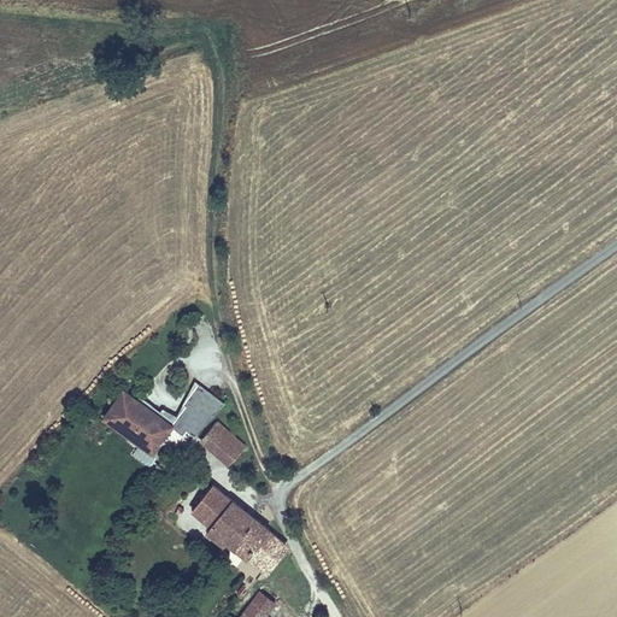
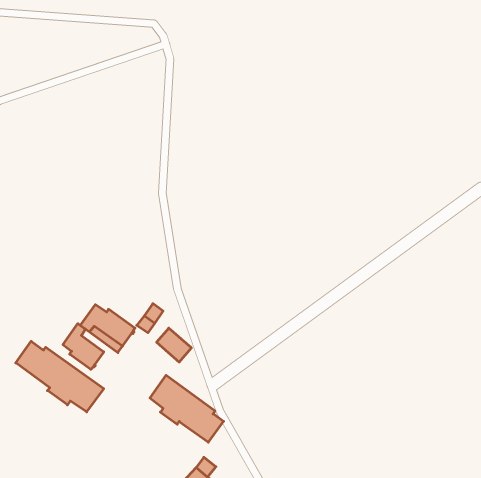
building: none -> [63,324,104,369]
building: none -> [16,341,104,412]

